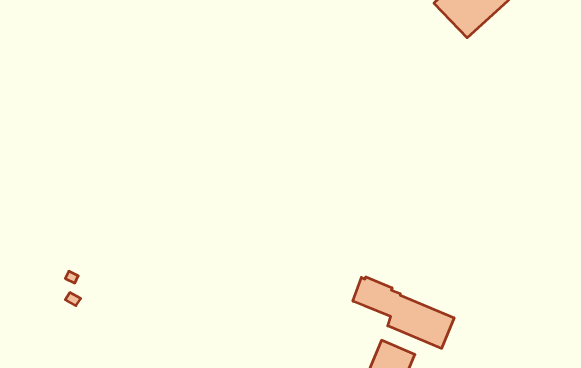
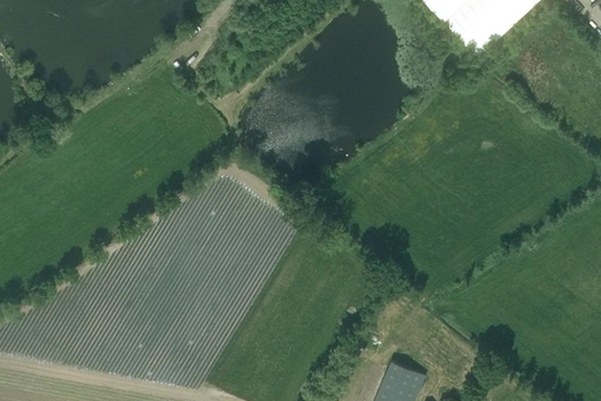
building: [353,277,454,348] -> none

